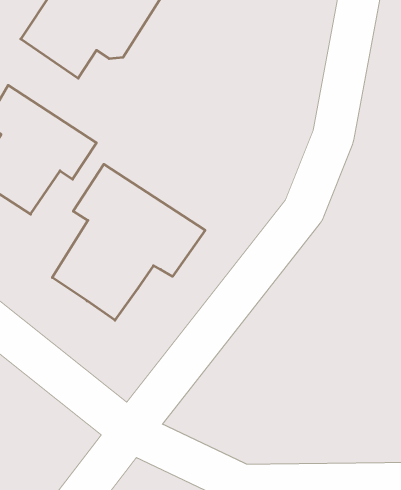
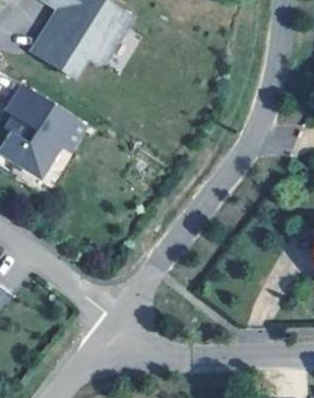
building: [52,164,205,320] -> none

